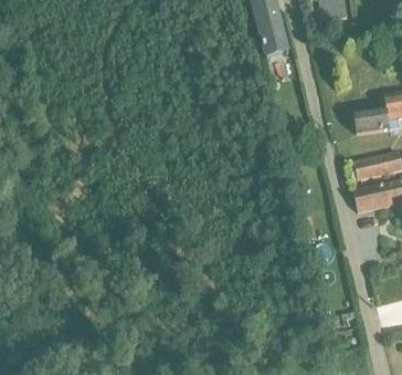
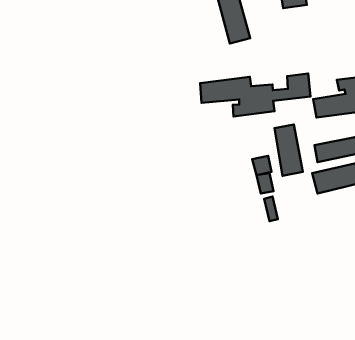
building: none -> [200,73,310,116]
building: none -> [275,125,303,176]

